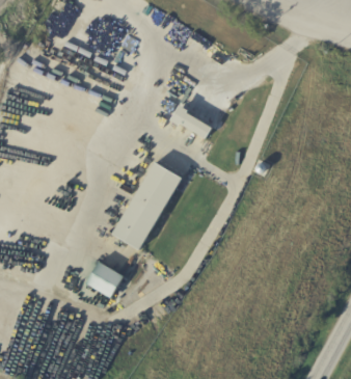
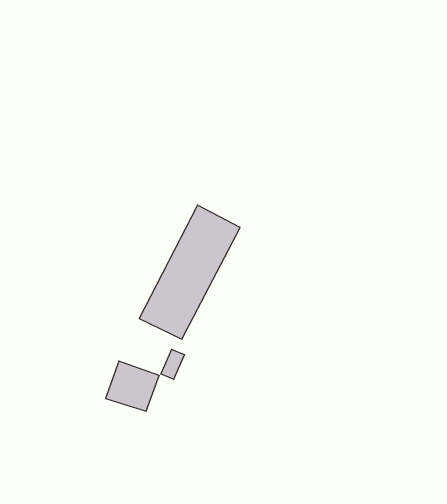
building: [169,105,211,138] -> none

